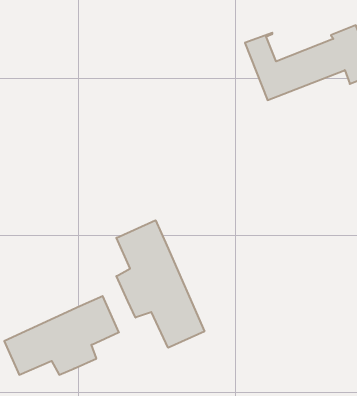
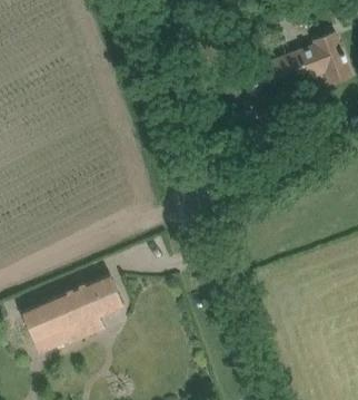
building: [116,220,204,348] -> none

